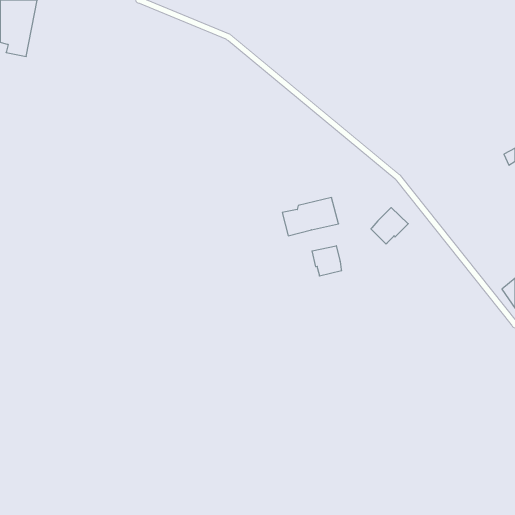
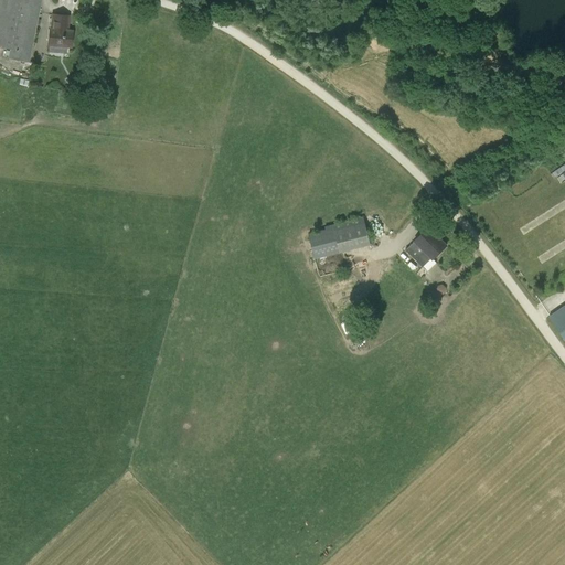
building: none -> [47,13,73,51]
building: [312,246,342,276] -> none

